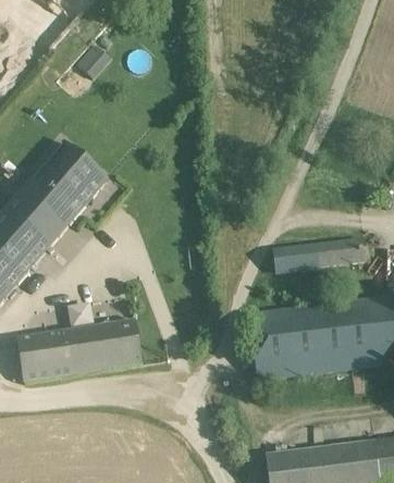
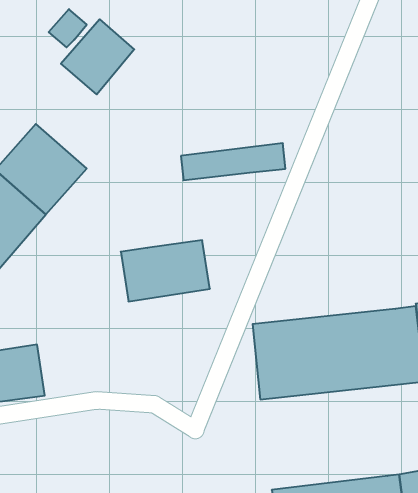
building: none -> [61,19,134,94]
building: [278,238,367,270] -> [181,143,285,180]
building: [67,320,144,372] -> [121,240,210,301]

